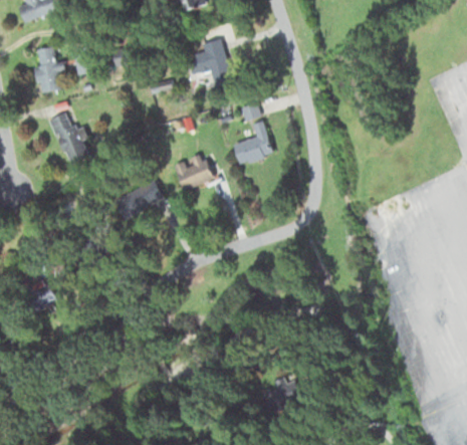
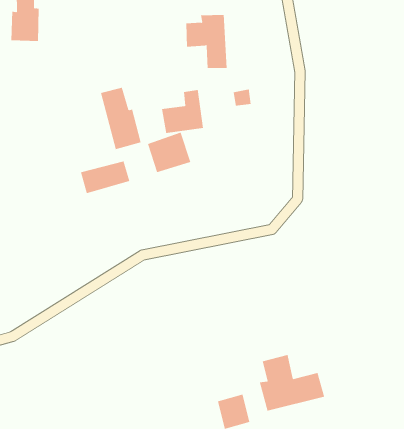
building: [49,108,92,165] -> [100,87,141,150]
building: [233,121,273,164] -> [161,90,204,134]
building: none -> [259,354,325,412]

